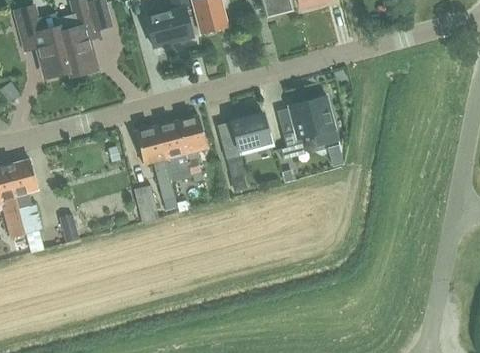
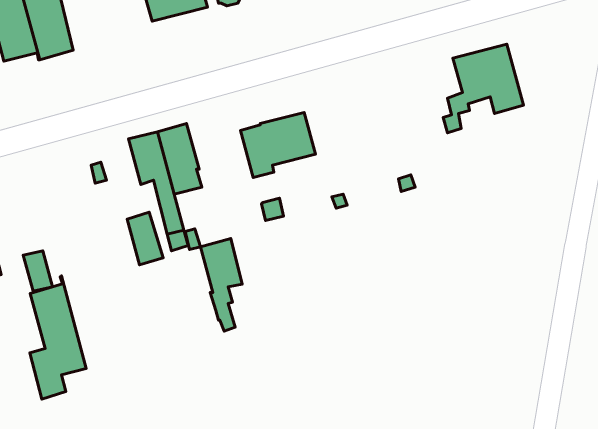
building: [280,96,338,160] -> [443,44,524,133]
building: [177,115,207,182] -> [201,238,242,331]
building: none -> [30,276,86,399]

